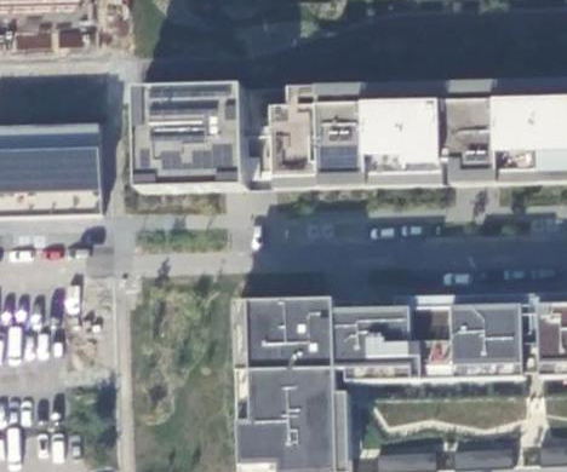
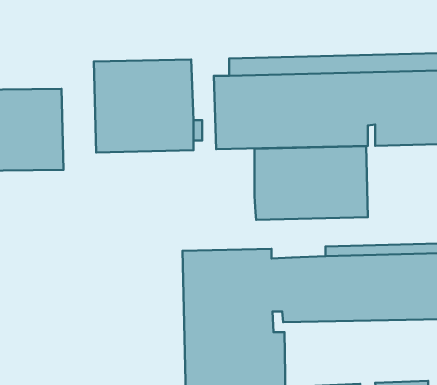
building: none -> [254,146,368,220]

